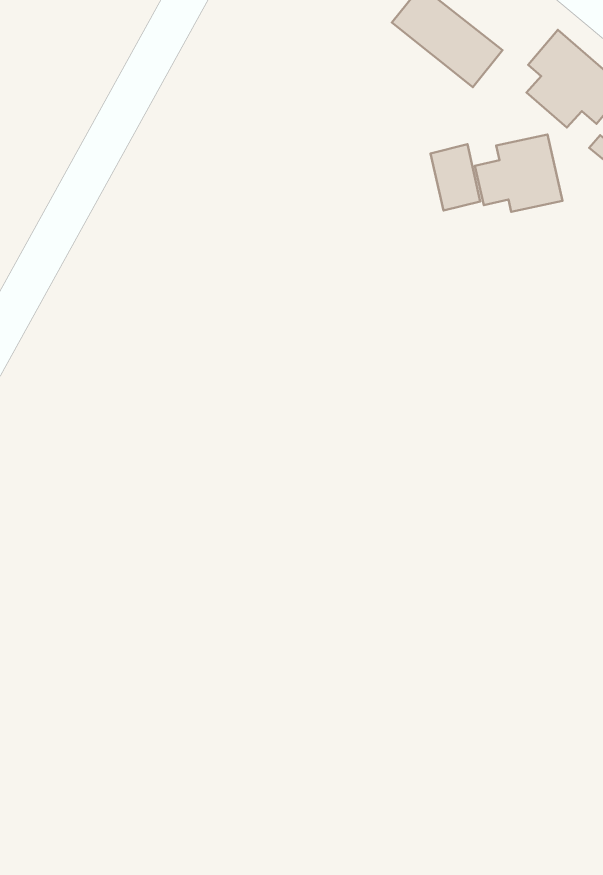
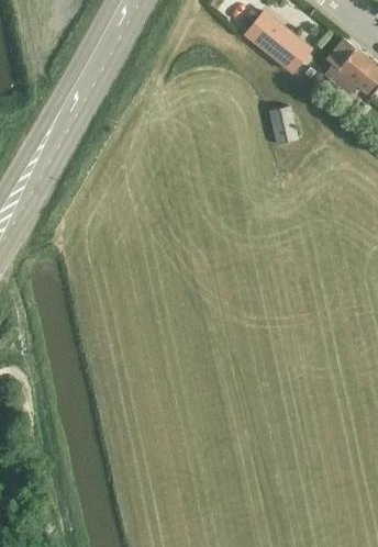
building: [475,135,562,212] -> none

